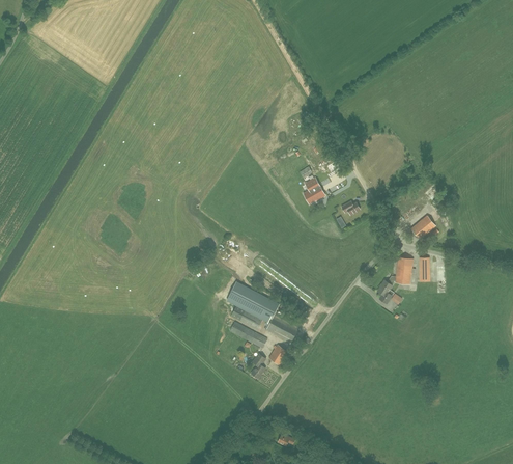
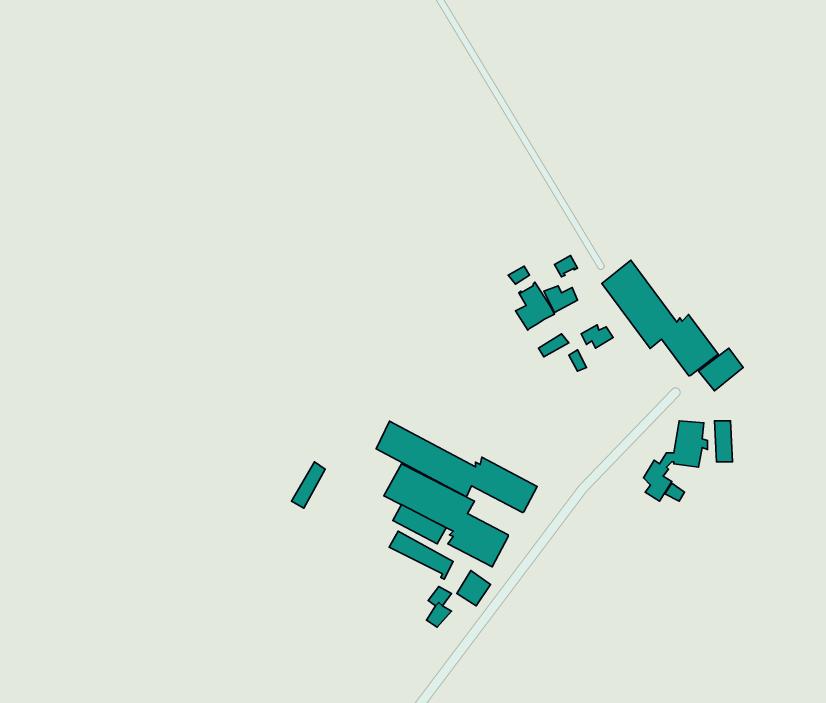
building: none -> [602,260,718,376]
building: none -> [376,421,537,513]

